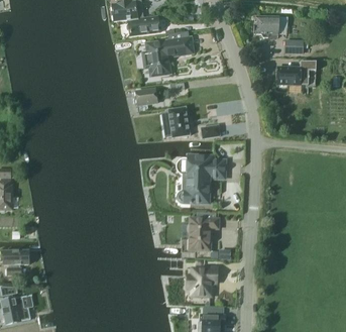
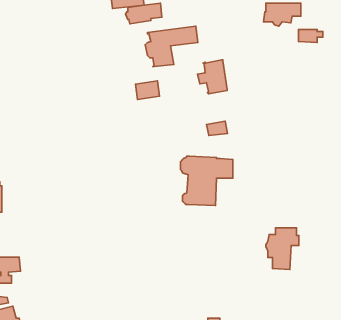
building: [276,61,316,85] -> none
building: [162,107,190,138] -> [198,60,227,94]
building: [188,212,218,250] -> [266,228,299,270]
building: [189,265,218,296] -> none

